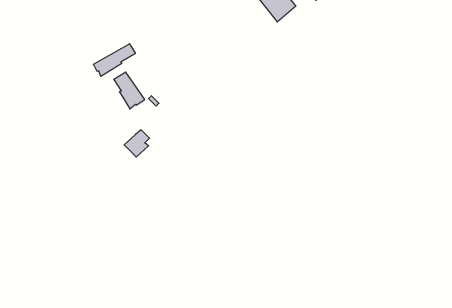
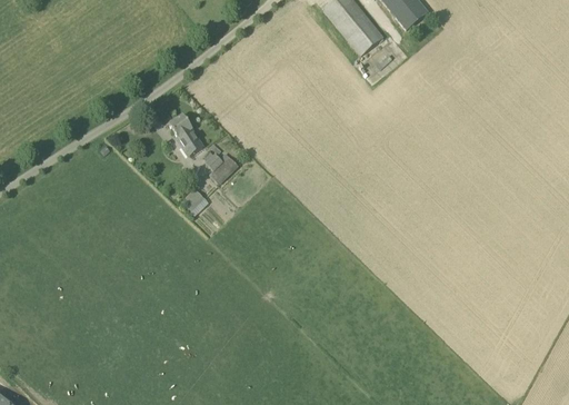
building: [93,44,135,76] -> none
building: none -> [208,151,237,184]

